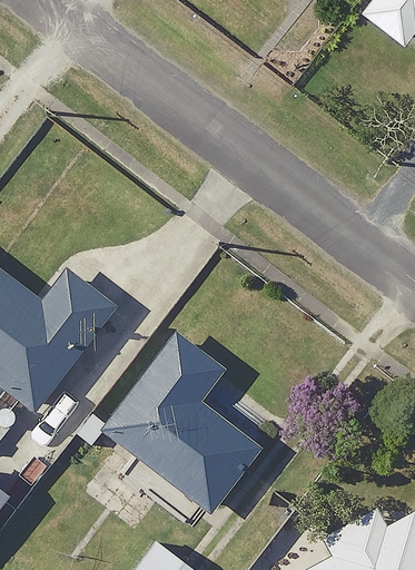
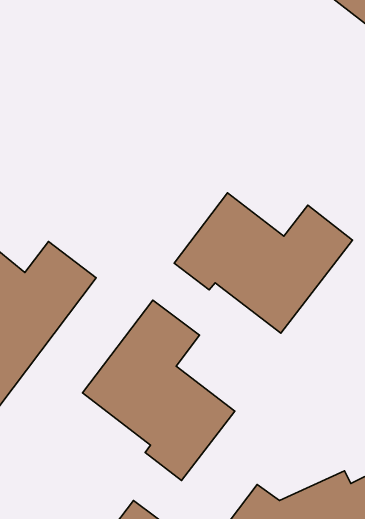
building: none -> [174,193,352,333]

